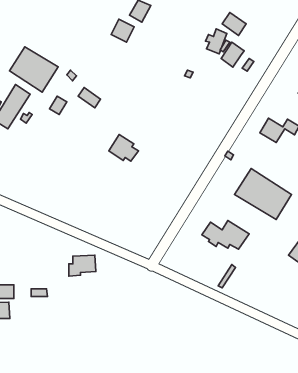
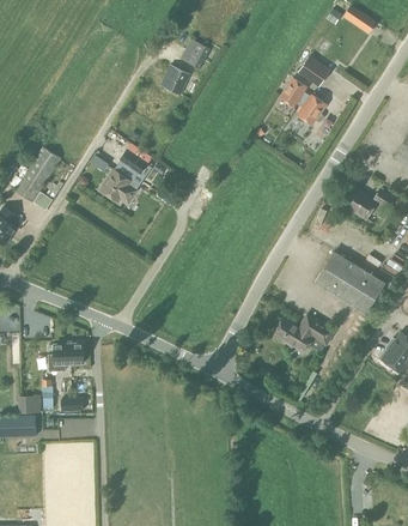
building: [10,47,58,92] -> none
building: [109,134,139,161] -> [101,169,138,202]
building: [69,255,96,276] -> [50,344,84,370]

